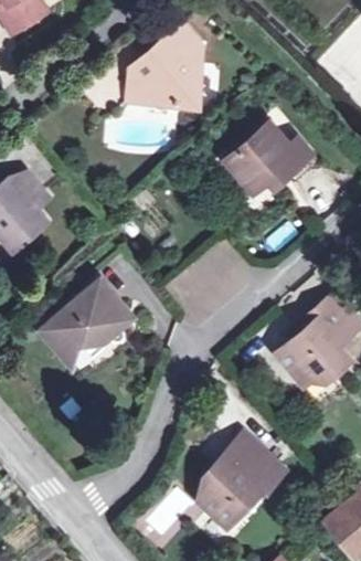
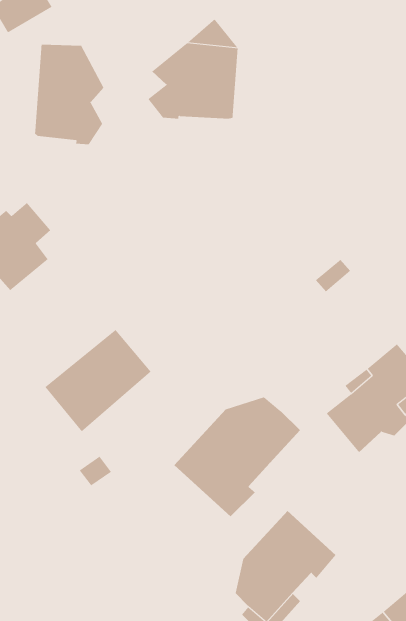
building: none -> [34,44,104,145]
building: [224,121,312,194] -> none
building: none -> [174,396,301,517]

